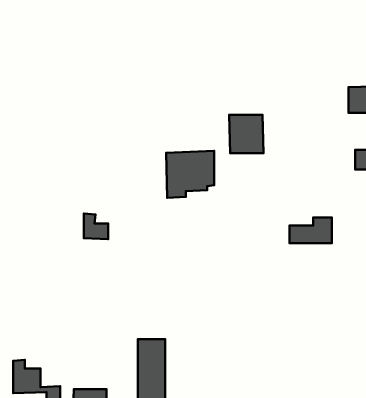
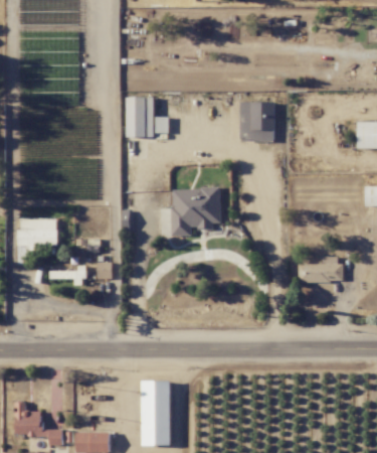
building: none -> [127,97,168,137]
building: [229,115,264,153] -> [239,102,274,141]
building: none -> [17,218,56,264]
building: none -> [49,266,84,285]

